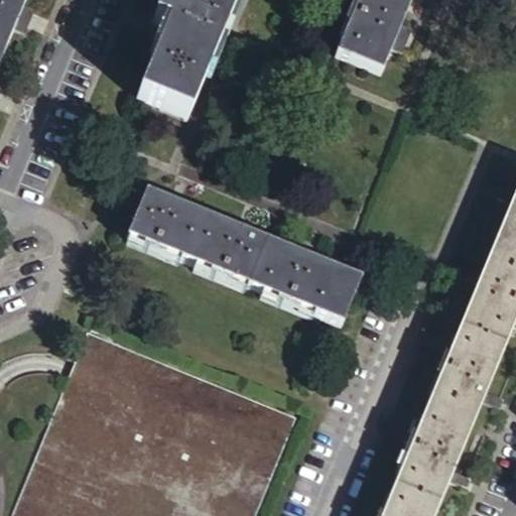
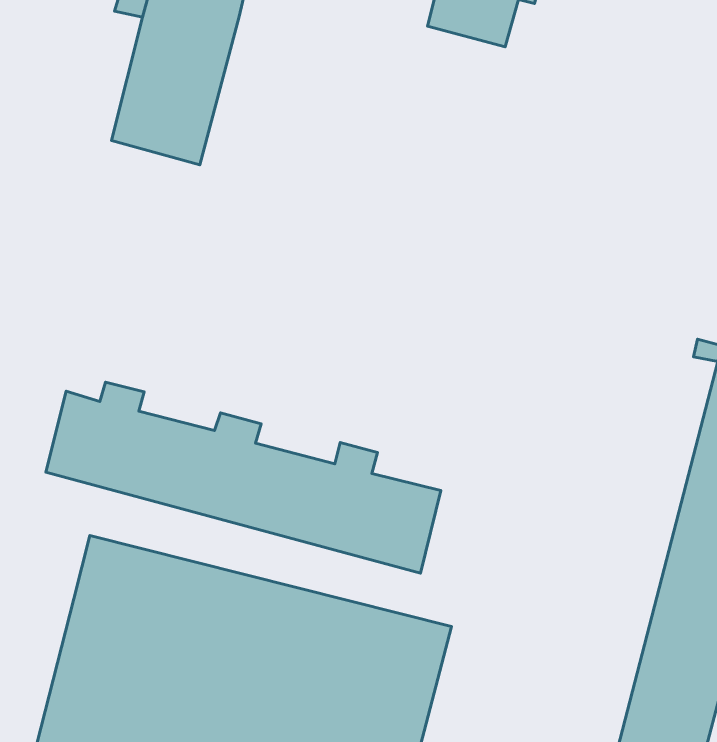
building: [126,185,359,327] -> [46,382,441,573]

